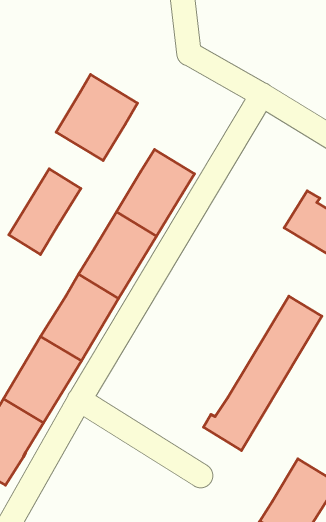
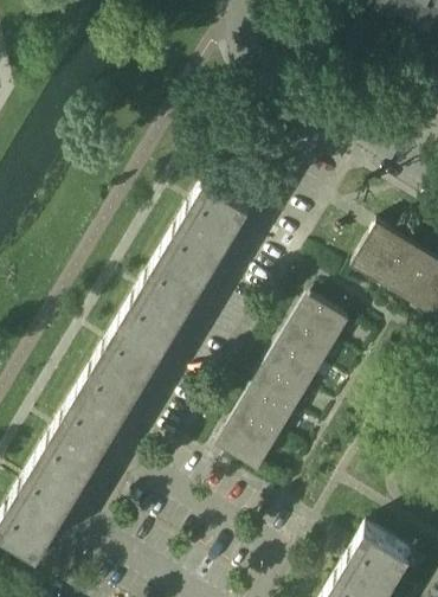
building: [56,75,138,161] -> none
building: [9,169,81,254] -> none
building: [204,296,322,450] -> [220,295,353,468]

